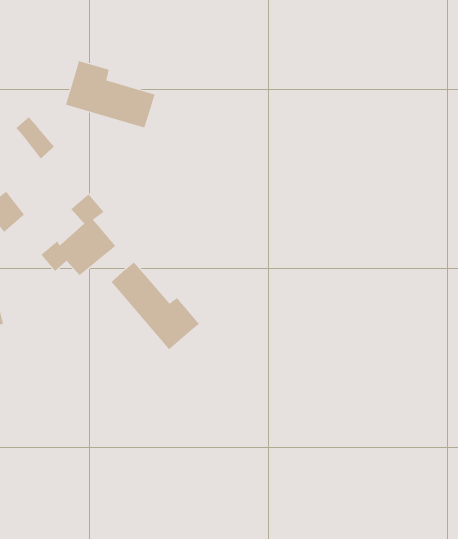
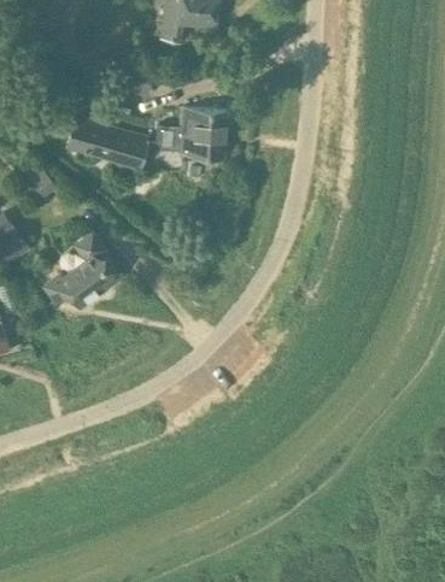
building: none -> [145,108,227,158]
building: [111,261,200,350] -> none

